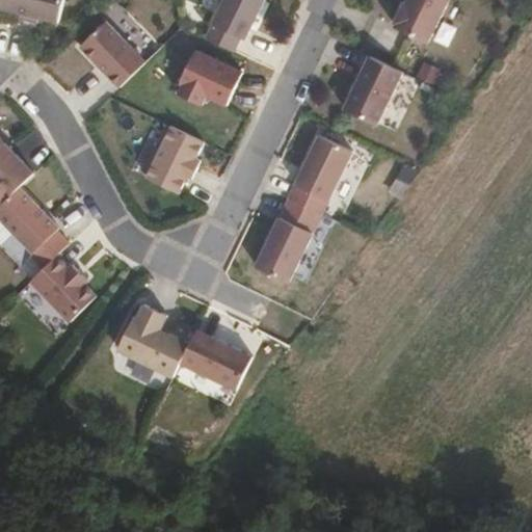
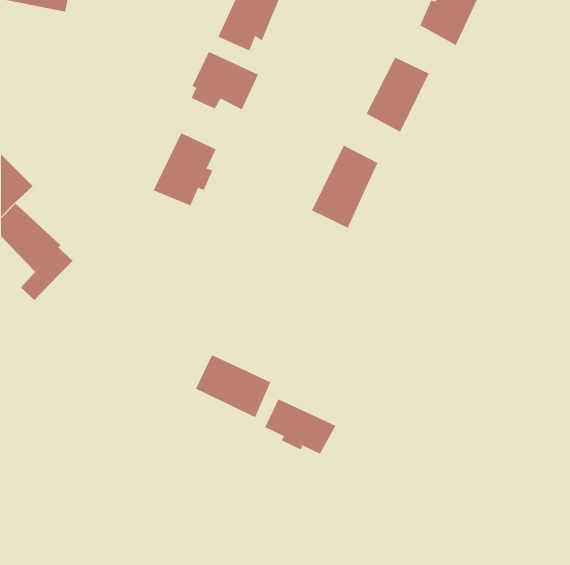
building: [77,21,142,87] -> none
building: [258,196,324,282] -> none
building: [28,257,96,322] -> none
building: [118,304,191,378] -> none
building: none -> [264,399,336,455]

